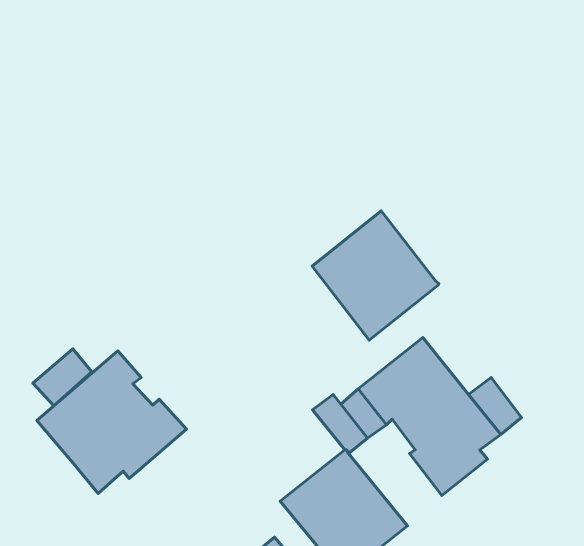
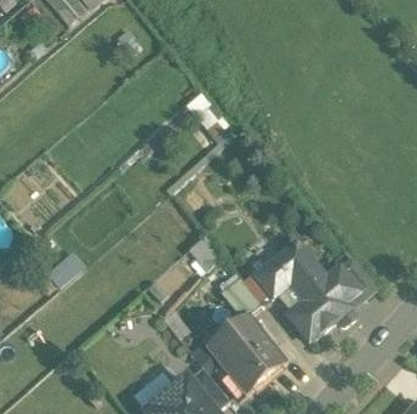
building: [312,211,439,340] -> none
building: [37,351,186,494] -> none

